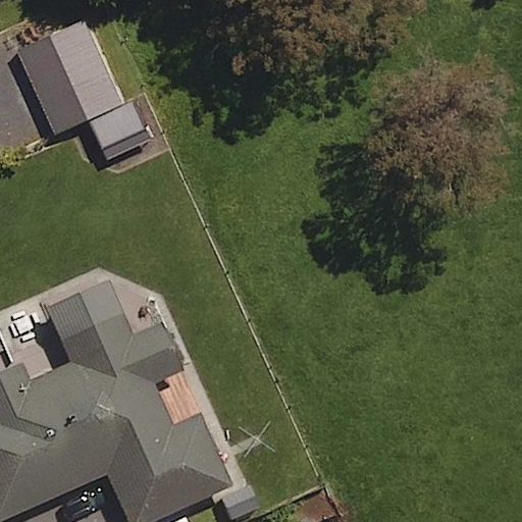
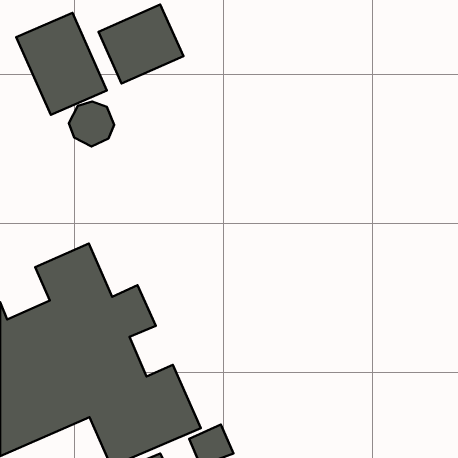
building: none -> [98,5,183,84]

